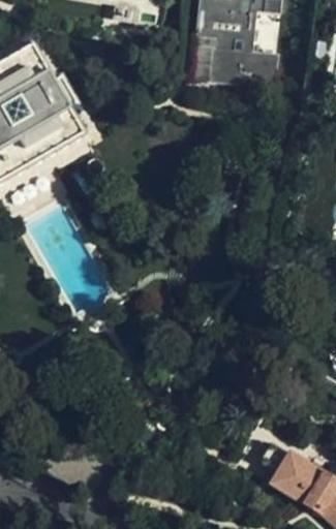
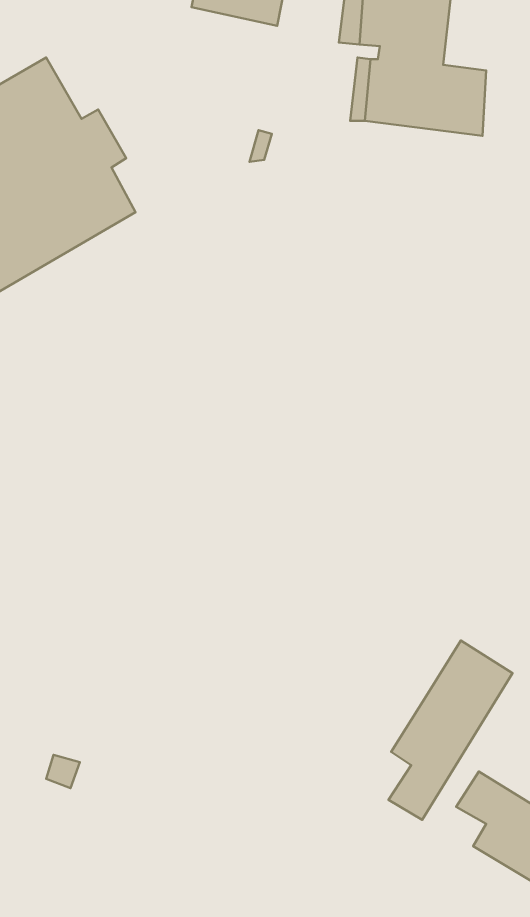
building: none -> [389,641,512,820]

